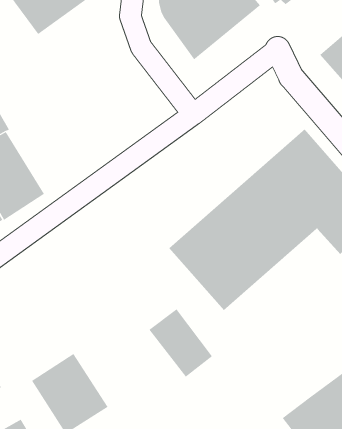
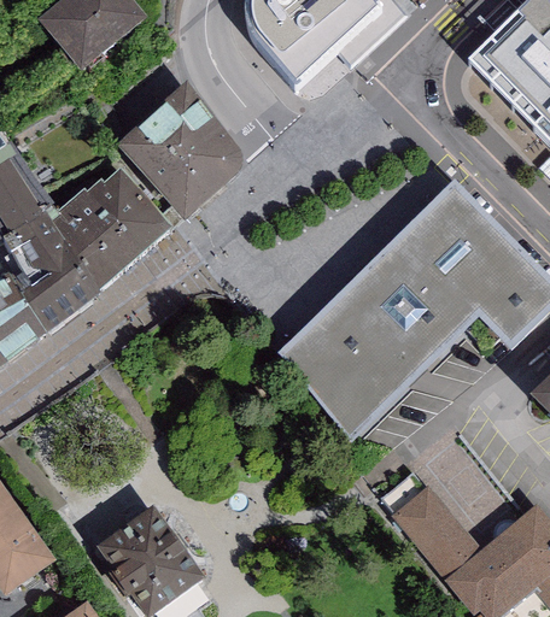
building: none -> [115,84,242,222]
building: none -> [43,164,171,289]
building: [148,309,213,377] -> [390,486,480,580]

